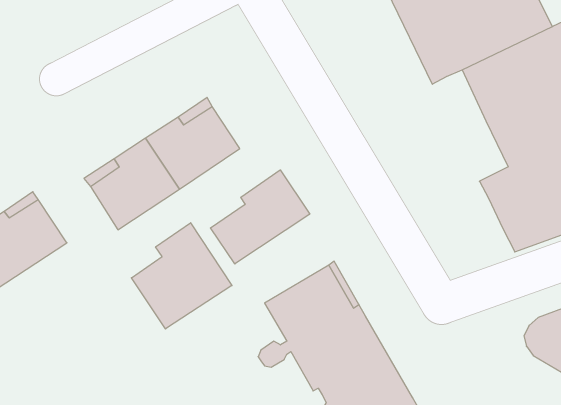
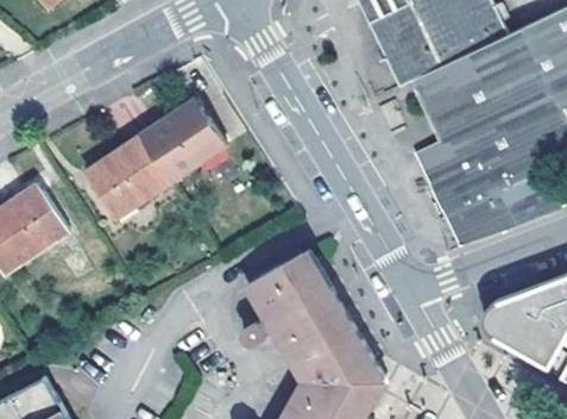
building: none -> [414,74,475,244]
building: [210,170,310,264] -> none
building: [131,223,232,329] -> none

